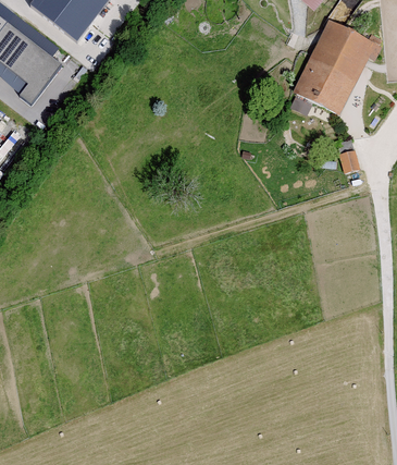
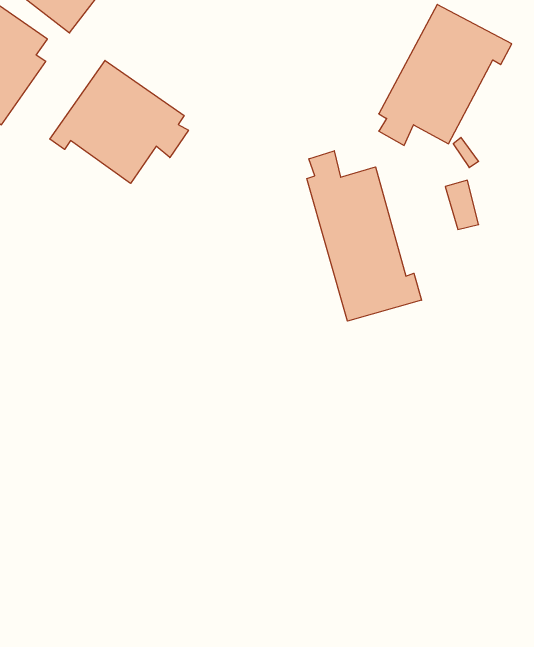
building: none -> [50,60,188,183]
building: none -> [307,151,422,321]

